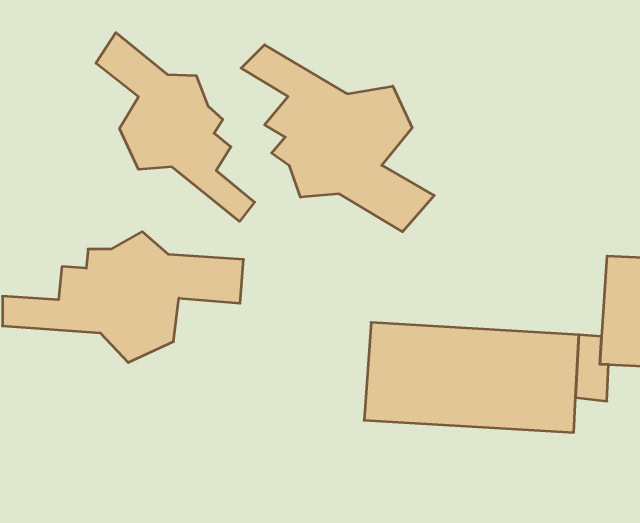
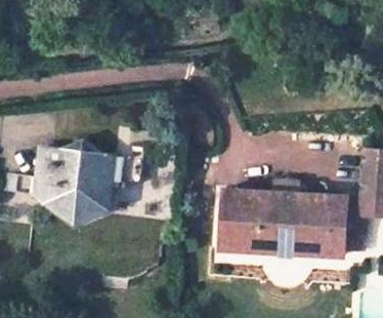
building: [96,33,255,221] -> none
building: [241,45,434,232] -> none

